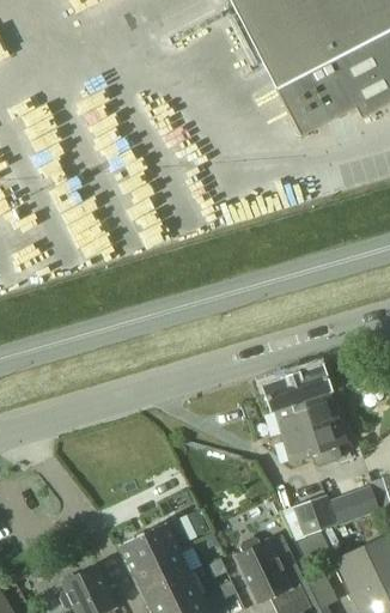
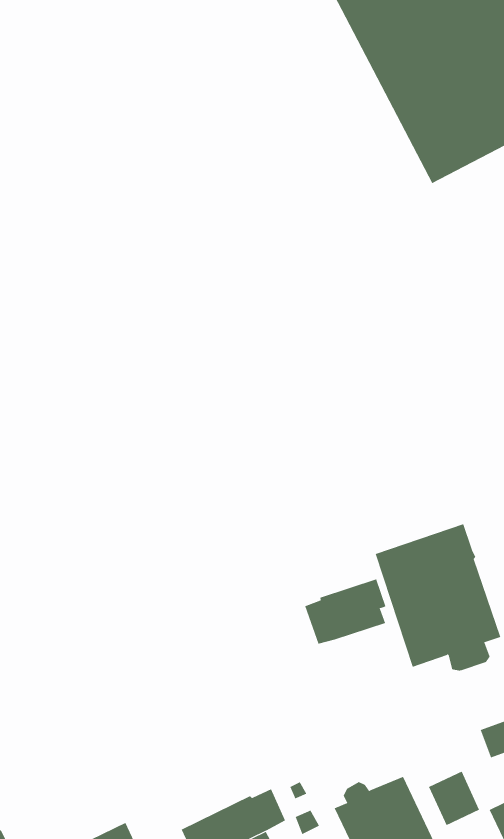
building: none -> [305,579,386,644]
building: [293,496,335,534] -> none
building: [120,521,179,571] -> none

